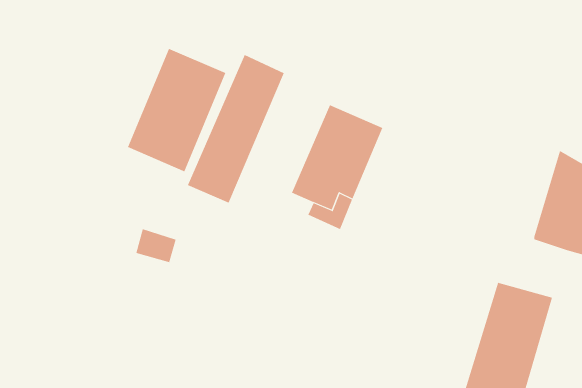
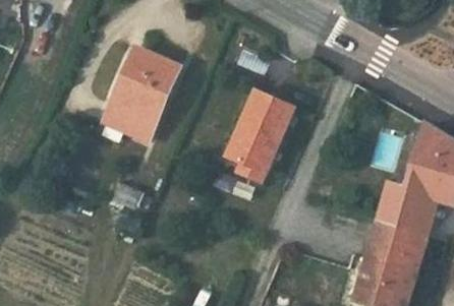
building: [187,54,285,204] -> none
building: none -> [379,183,430,233]

